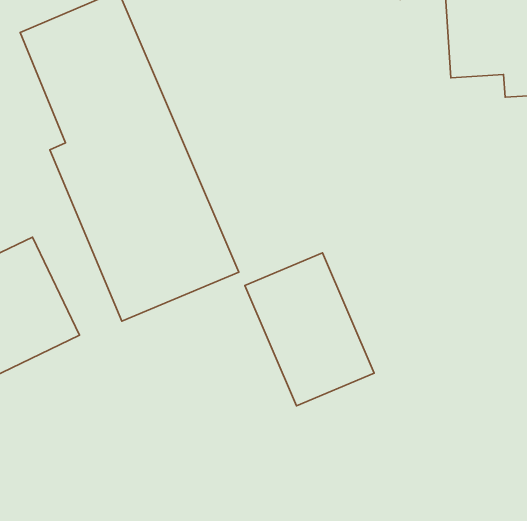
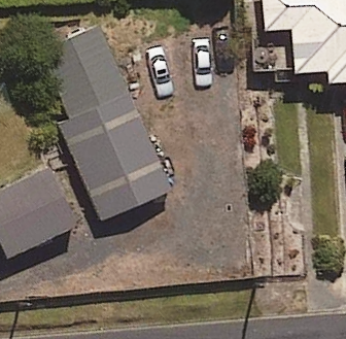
building: [245,253,374,406] -> none

